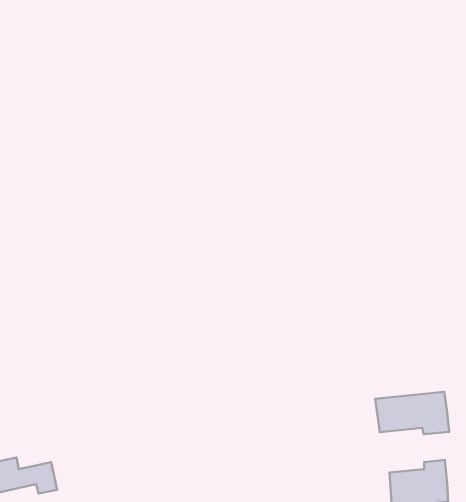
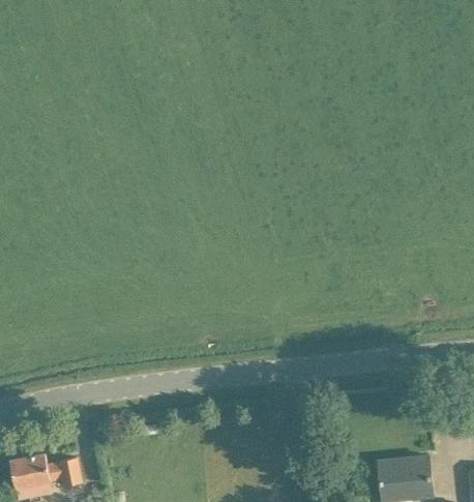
building: [375,392,449,434] -> none

